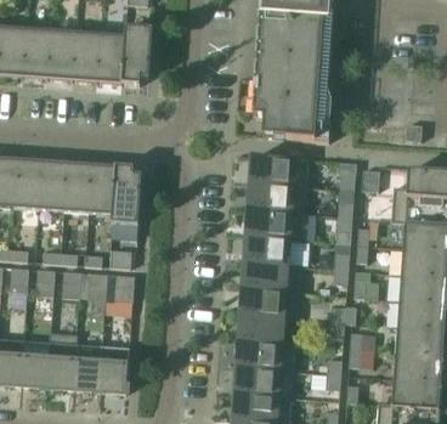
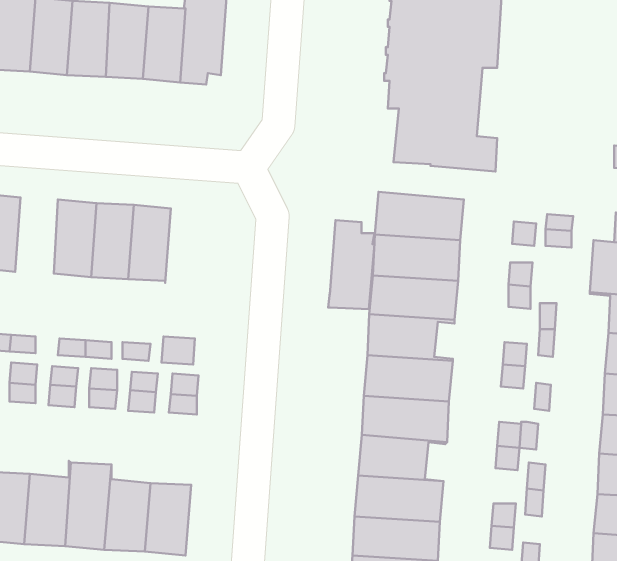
building: [13,158,41,208] -> none
building: [111,165,141,224] -> [328,220,374,309]

